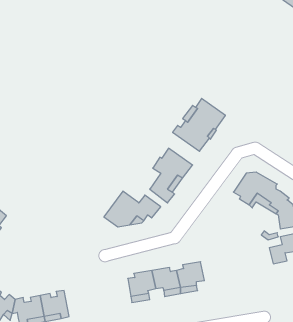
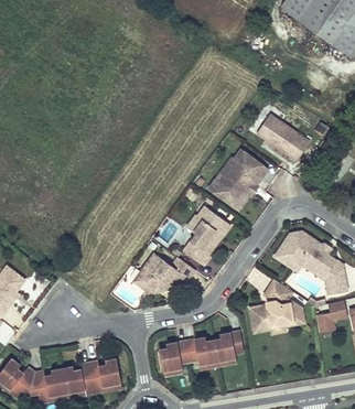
building: none -> [257,114,311,160]
building: none -> [248,279,306,335]
building: none -> [89,358,121,391]

